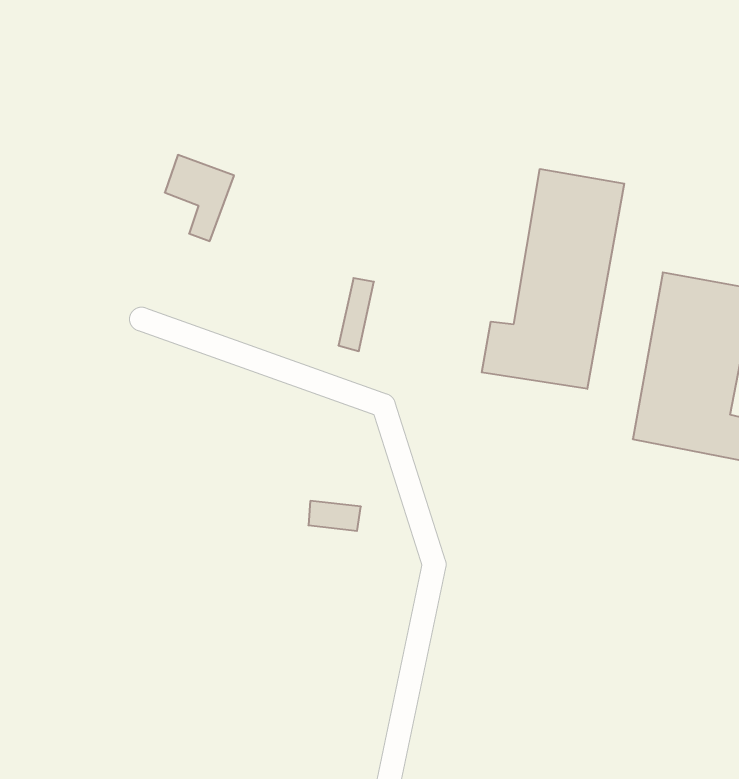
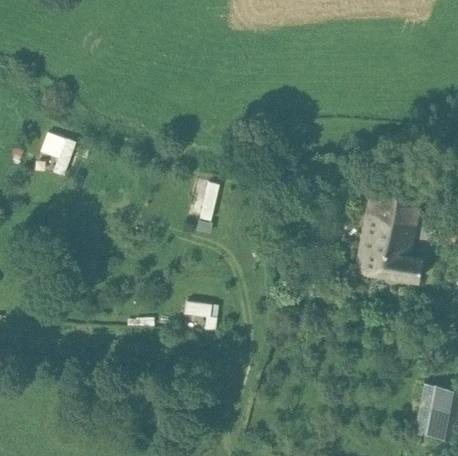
building: [165,155,234,241] -> [41,131,78,177]
building: [482,169,624,389] -> none

